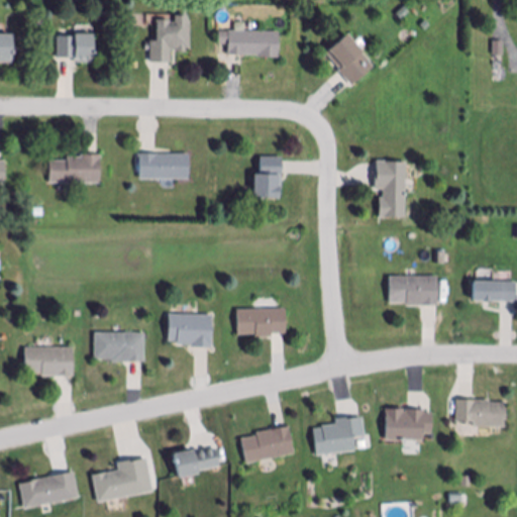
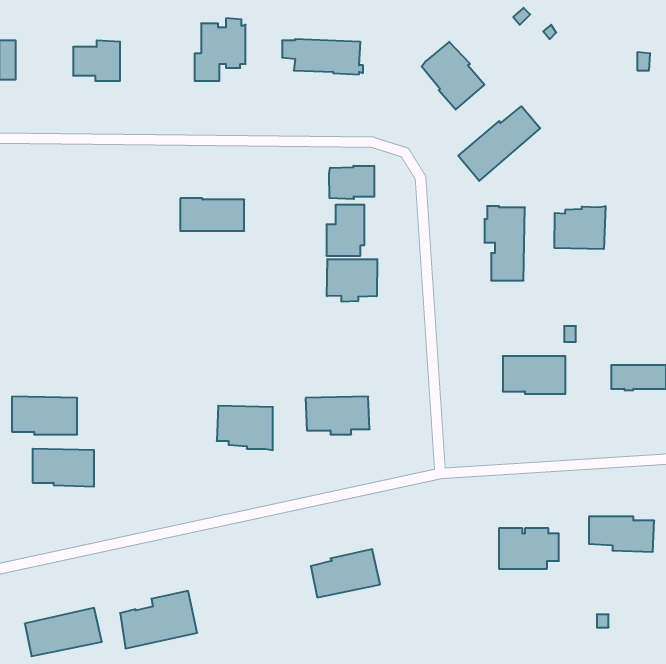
building: none -> [458,106,540,181]
building: none -> [329,166,374,199]
building: [49,154,101,183] -> none
building: none -> [555,206,605,249]
building: none -> [327,259,377,302]
building: [94,332,144,361] -> [12,397,77,434]
building: [313,417,364,455] -> none
building: [174,447,219,476] -> none

